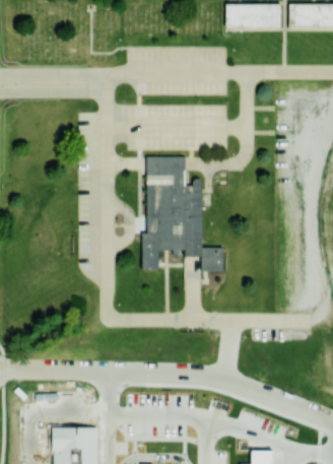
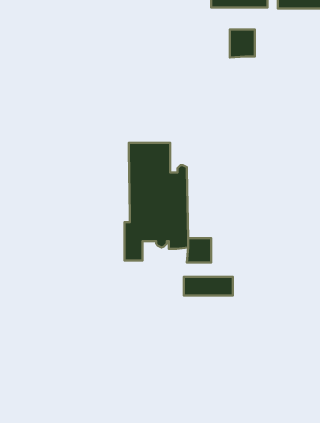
building: none -> [230,29,255,58]
building: none -> [184,277,233,296]

